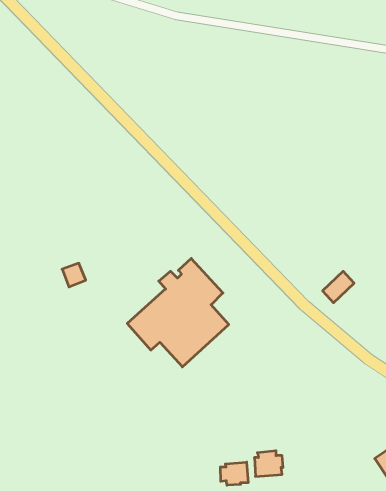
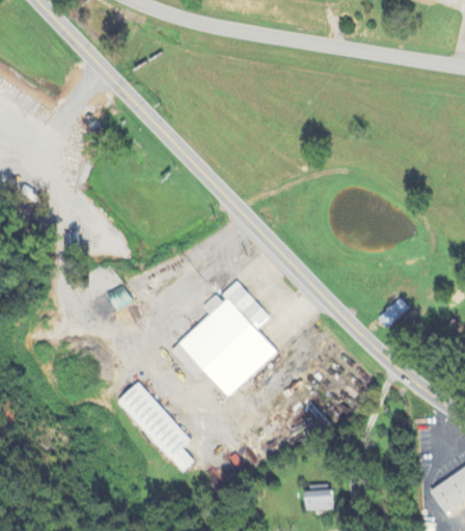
building: none -> [116,382,194,471]
building: [220,462,248,485] -> none

